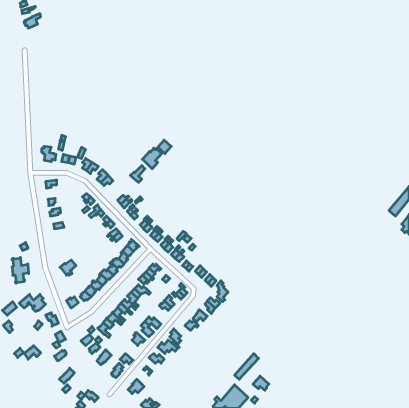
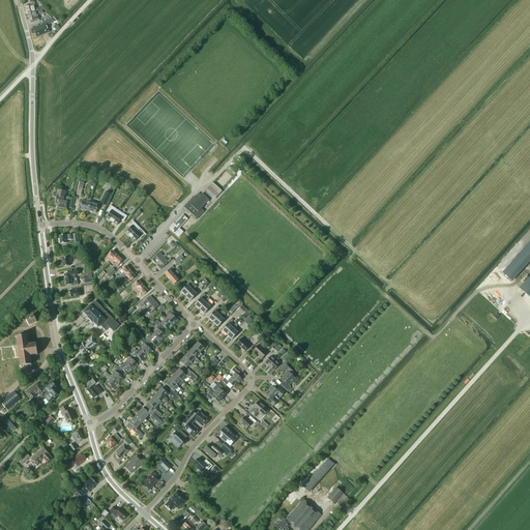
building: none -> [83,300,120,330]

